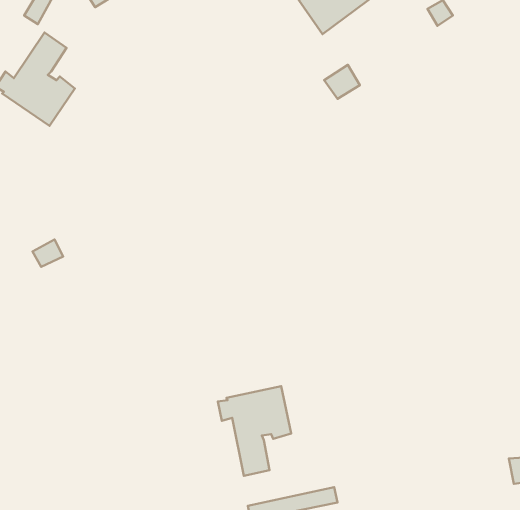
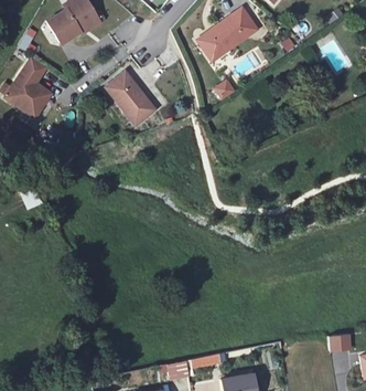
building: none -> [107,72,158,125]
building: [218,386,291,476] -> none

